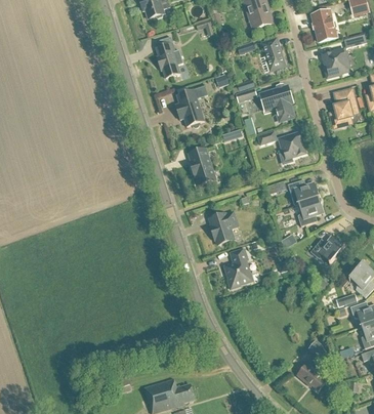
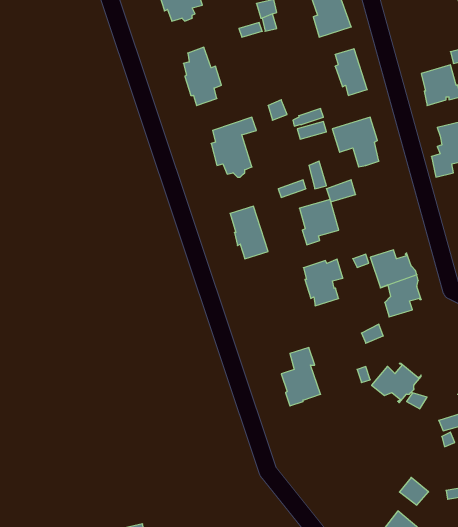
building: [311,9,336,41] -> none
building: [278,131,305,163] -> [299,200,339,245]
building: [209,211,237,244] -> [303,259,343,306]
building: [309,236,344,263] -> [372,363,421,403]

